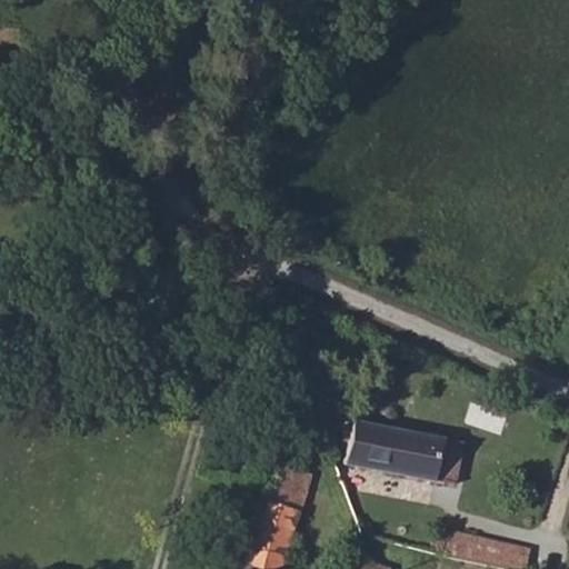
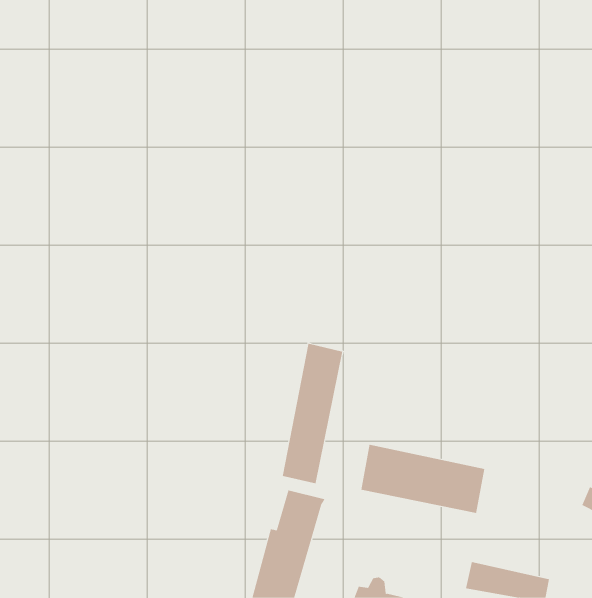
building: none -> [282,343,343,484]

